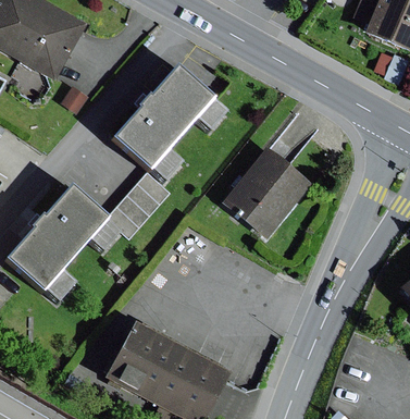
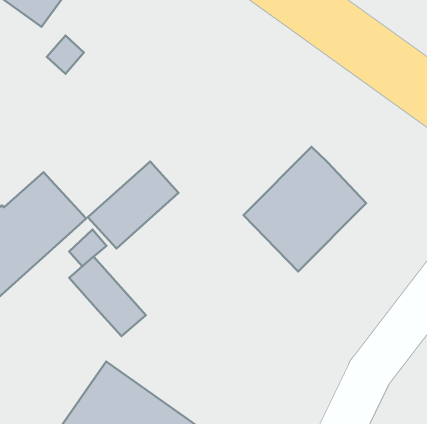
building: [116,66,212,165] -> none
building: none -> [69,257,146,336]

